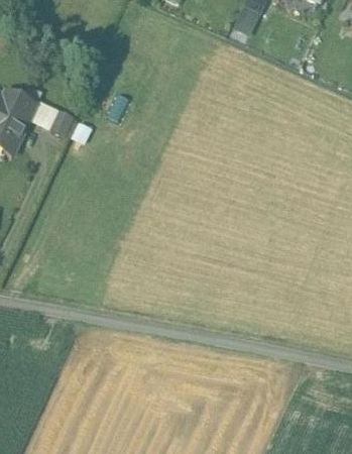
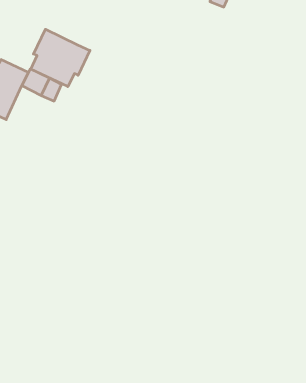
building: none -> [31,29,90,87]

